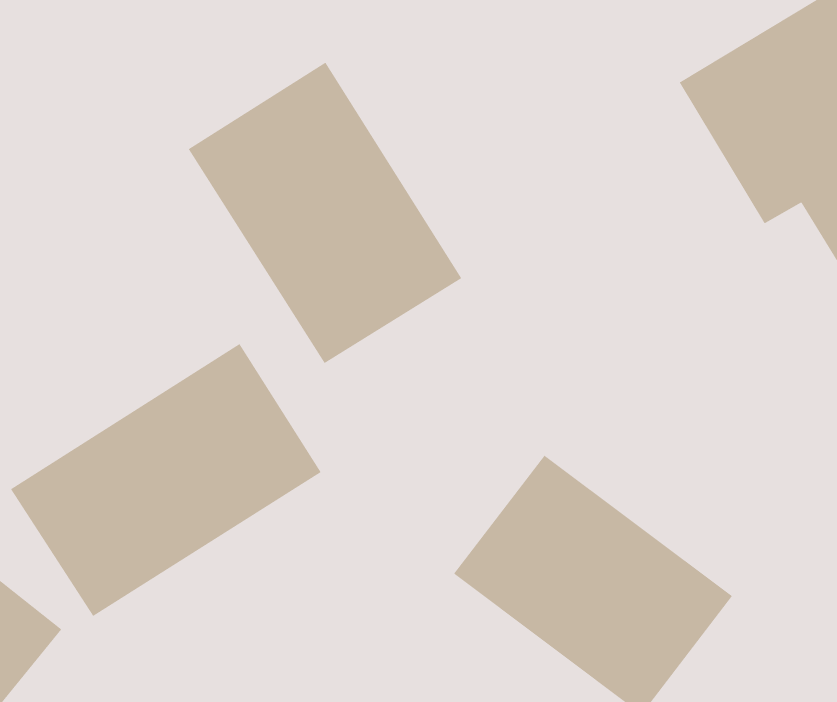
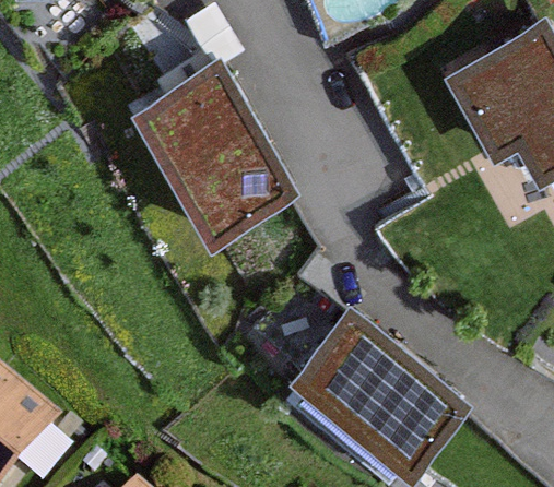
building: [10,343,322,617] -> none

